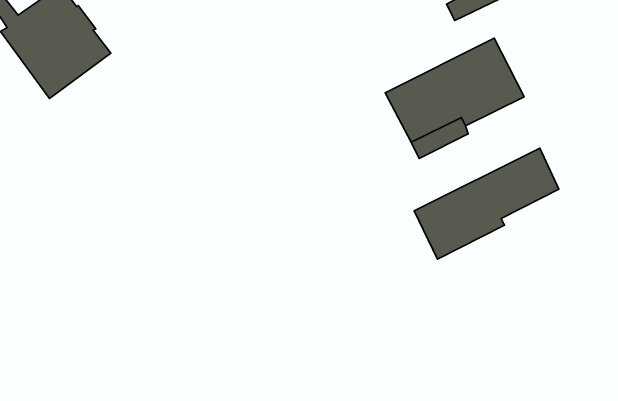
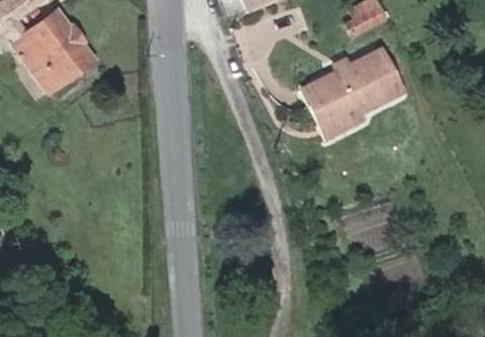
building: [414,148,559,259] -> none

